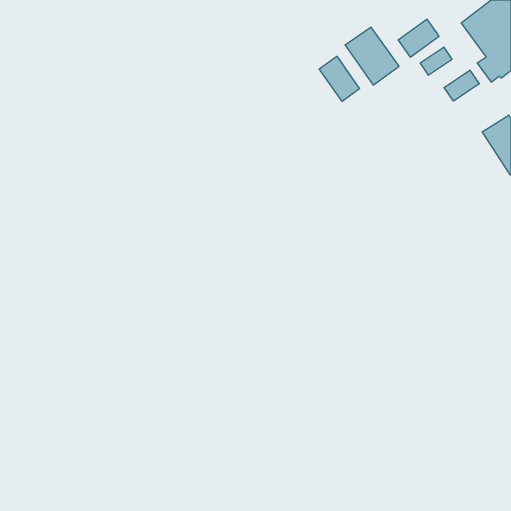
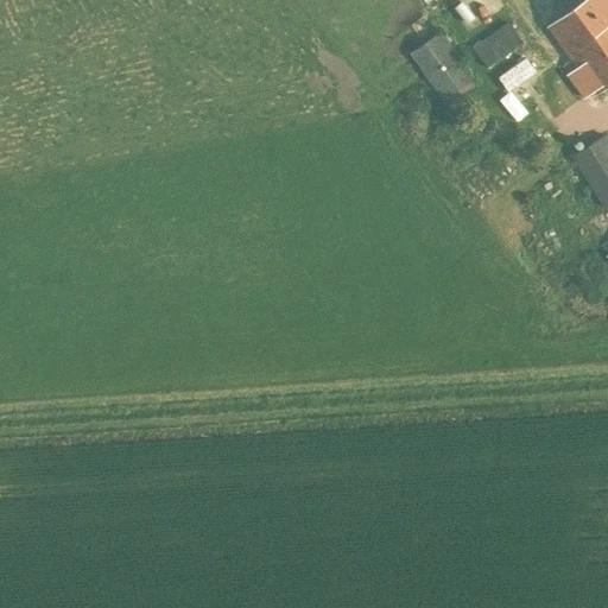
building: [319,56,360,101] -> none
building: [444,70,479,101] -> none

